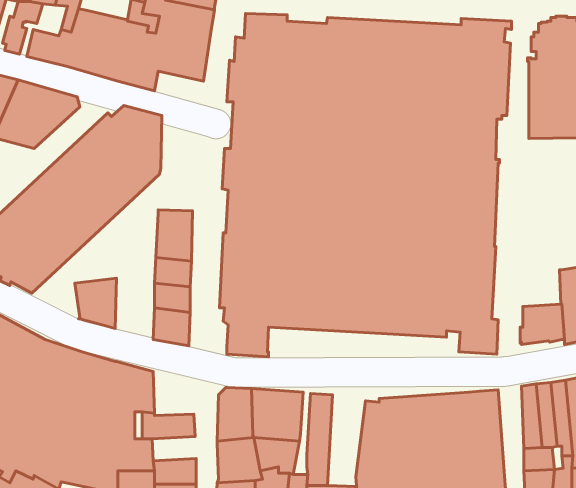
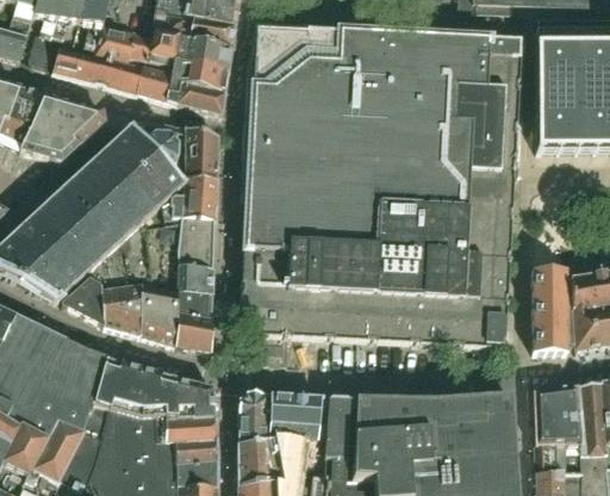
building: none -> [176,83,224,114]
building: none -> [161,126,217,223]
building: none -> [530,267,571,312]
building: none -> [61,278,104,324]
building: none -> [138,285,176,345]
building: none -> [175,376,214,418]
building: none -> [351,398,381,478]
building: none -> [174,439,217,463]

